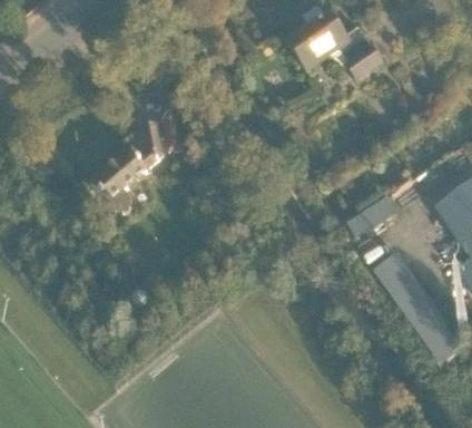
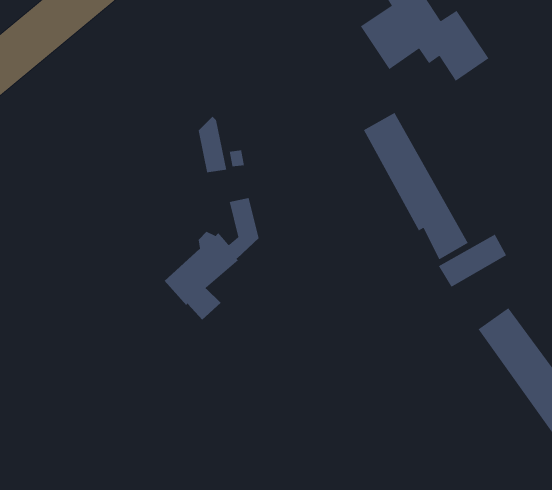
building: none -> [363,112,469,260]
building: [89,118,161,212] -> [164,197,260,321]

